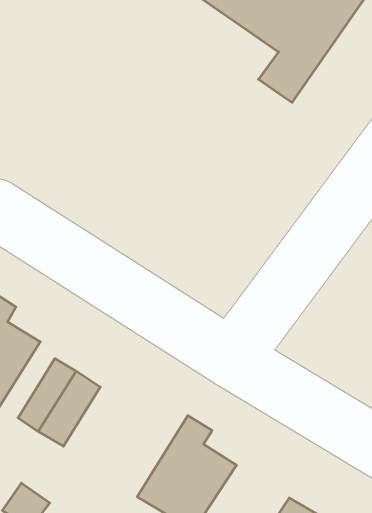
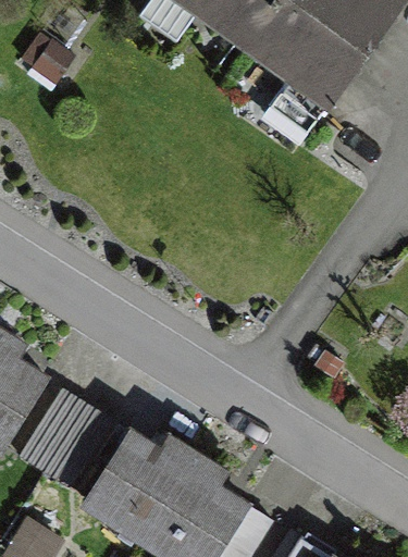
building: none -> [87,430,197,535]

